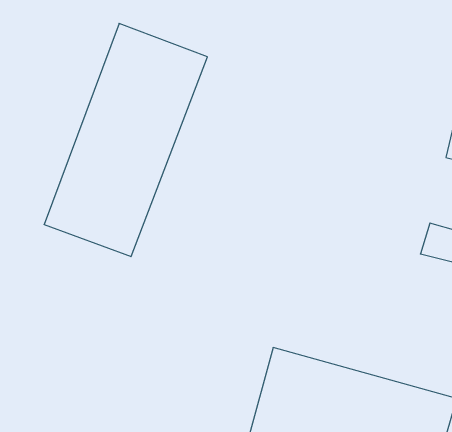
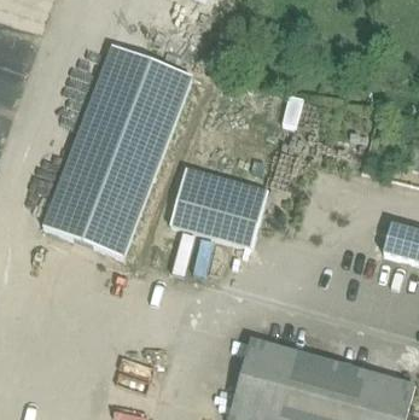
building: none -> [169,167,267,246]

